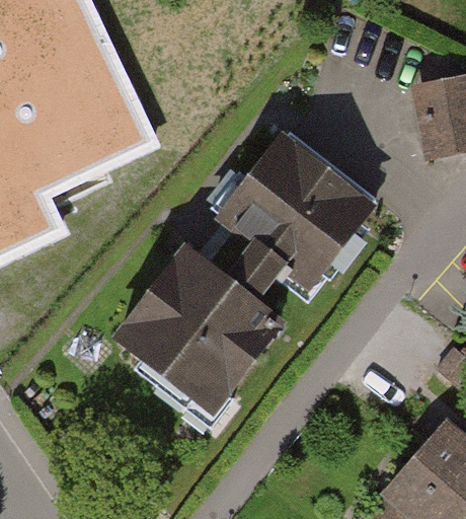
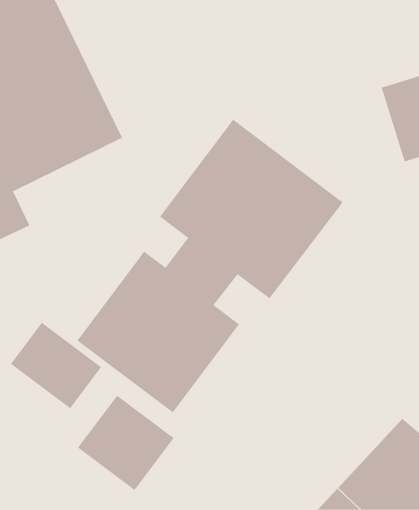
building: none -> [10,322,102,409]
building: none -> [77,395,174,491]

